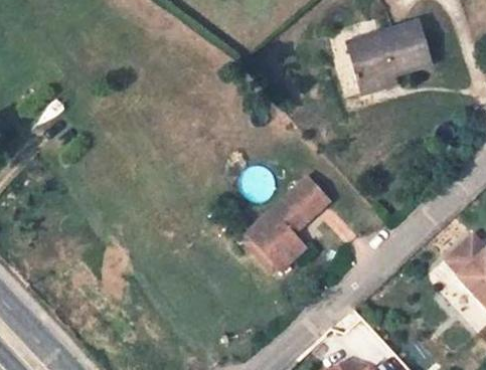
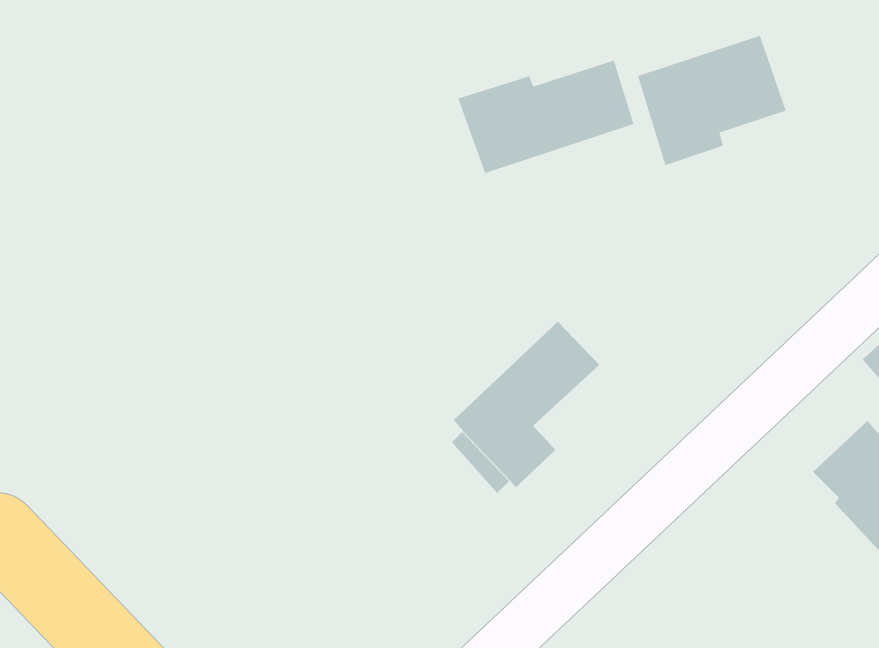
building: none -> [458,60,634,174]

